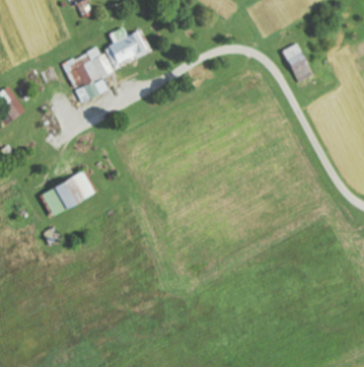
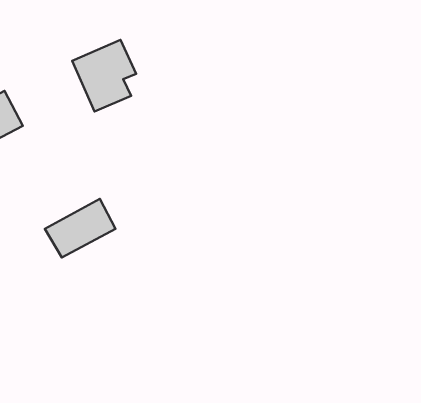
building: [105,27,153,69] -> none
building: [284,43,312,82] -> none

